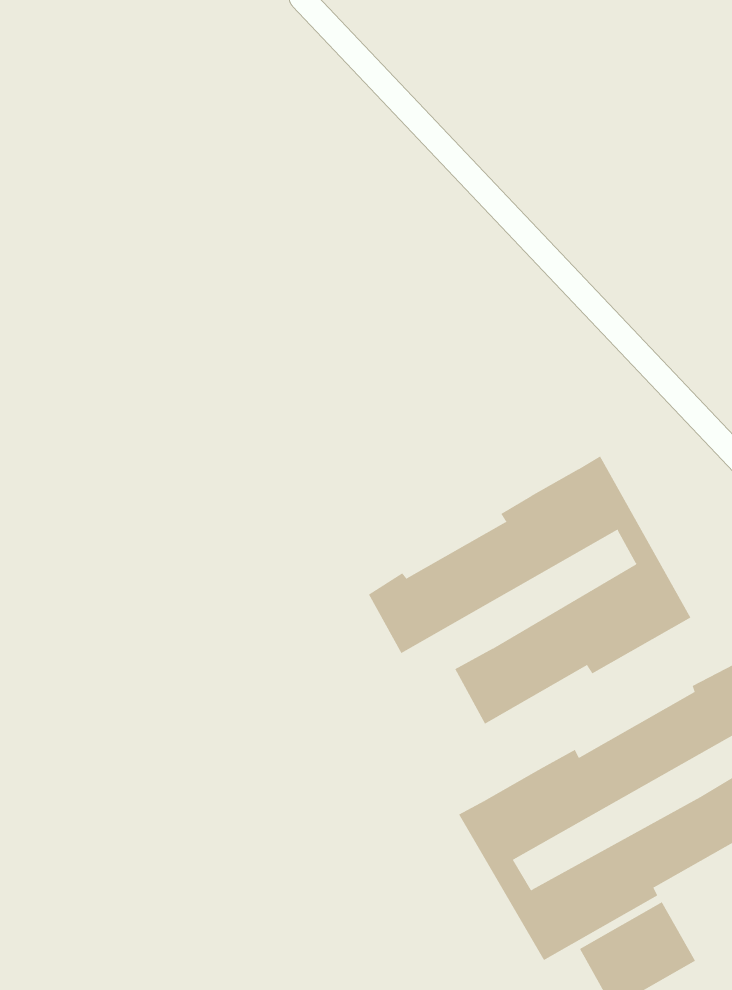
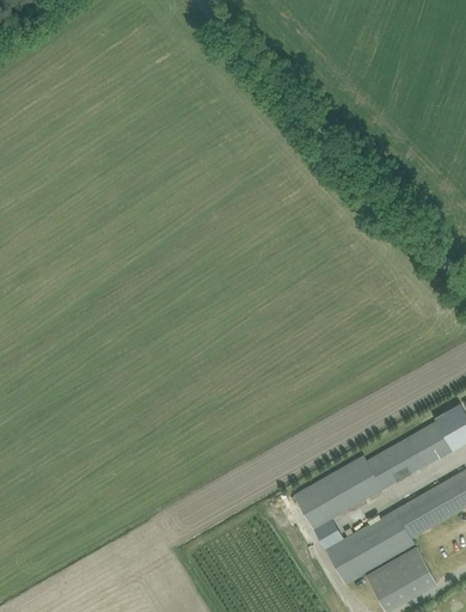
building: [368,455,691,724] -> none

